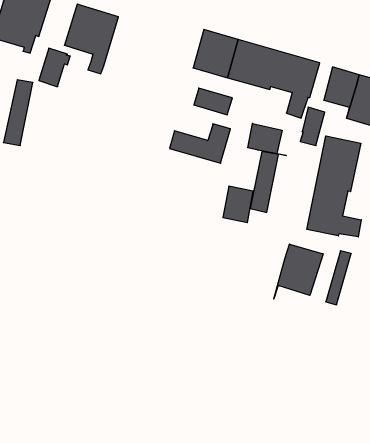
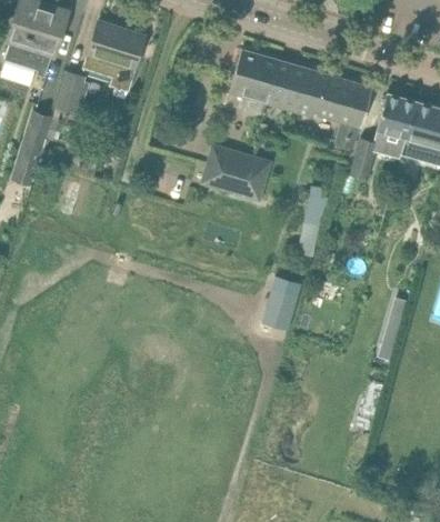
building: [194,88,232,115] -> [209,145,252,175]
building: [248,123,286,156] -> none
building: [307,136,361,237] -> none
building: [223,186,253,223] -> [260,288,294,329]
building: [274,244,323,299] -> none

